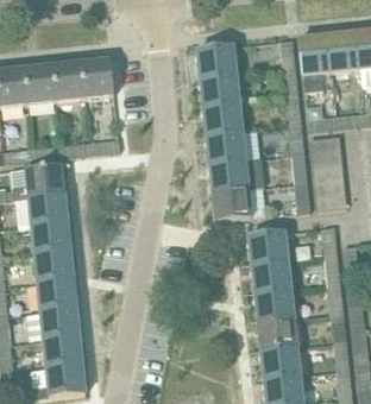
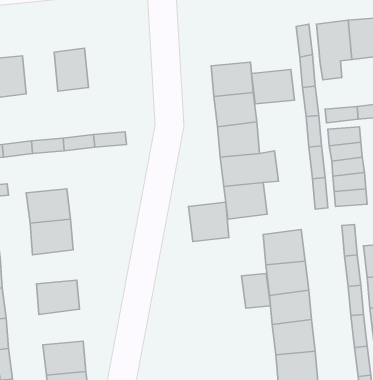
building: [196,45,237,77] -> [252,70,295,104]
building: [81,58,114,97] -> none
building: [23,64,56,103] -> none
building: [24,164,64,196] -> none
building: none -> [189,202,229,242]
building: [32,250,74,282] -> none
building: none -> [242,274,270,308]
building: [38,305,80,339] -> none

